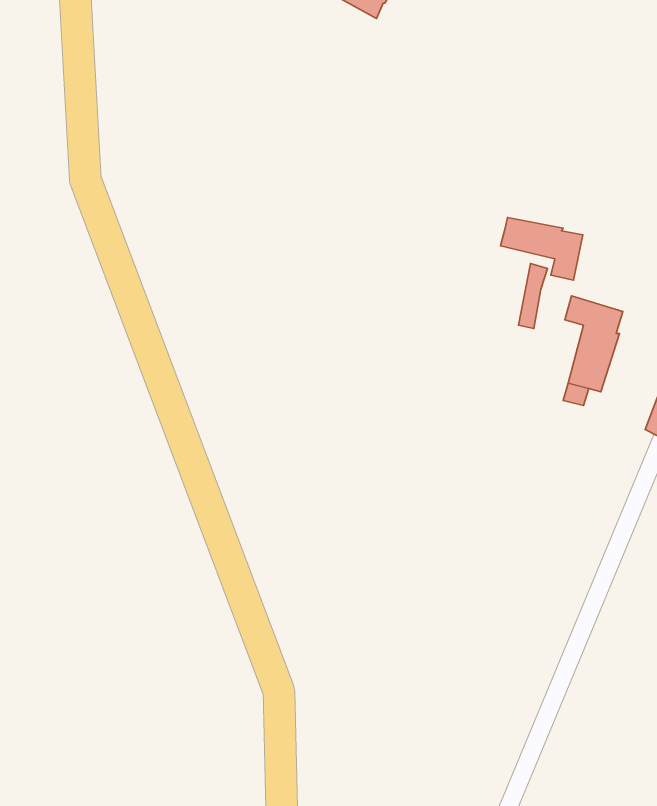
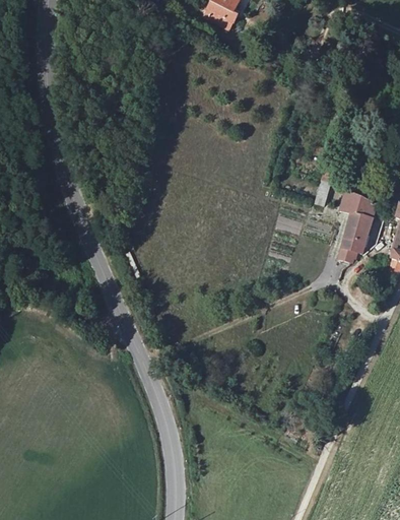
building: [500,218,583,280] -> none

